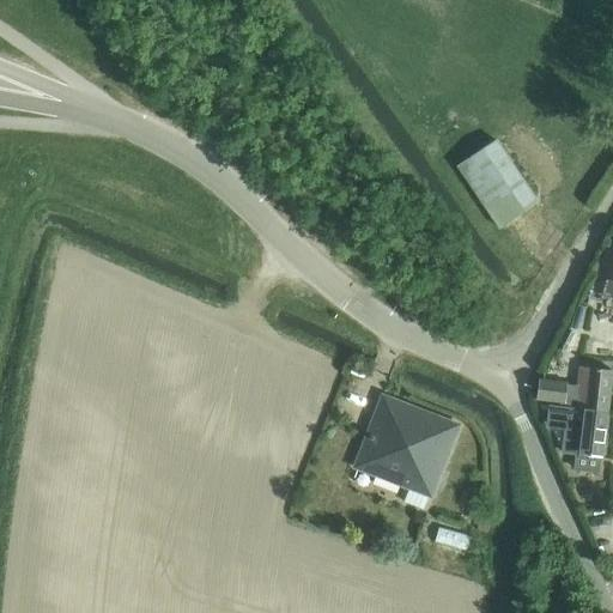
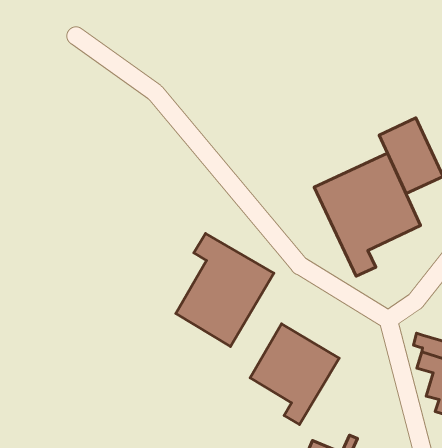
building: none -> [314,153,420,276]
building: none -> [176,233,274,347]

